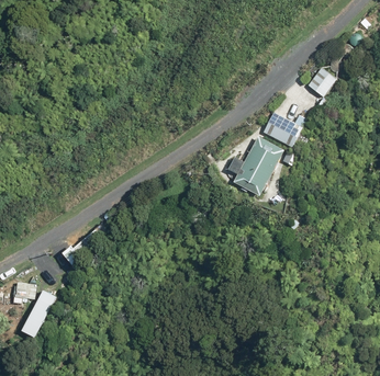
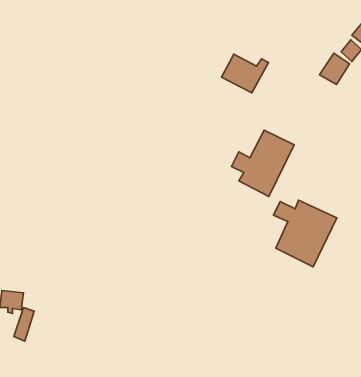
building: [262,111,305,146] -> [222,54,269,93]
building: none -> [274,200,337,267]

